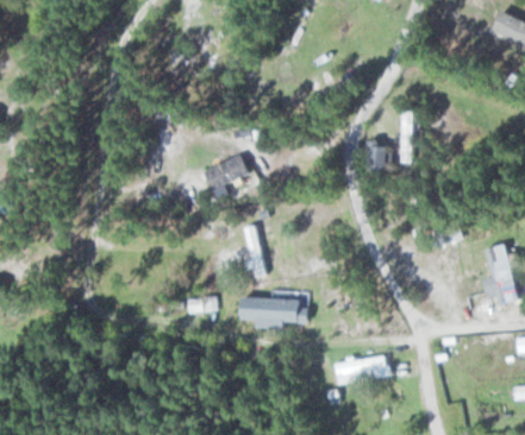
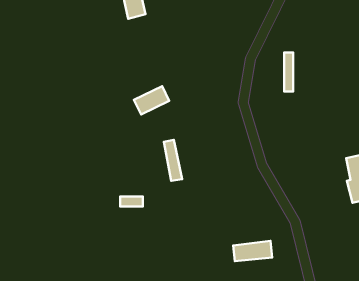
building: [367,140,387,171] -> none
building: [240,296,305,327] -> none

